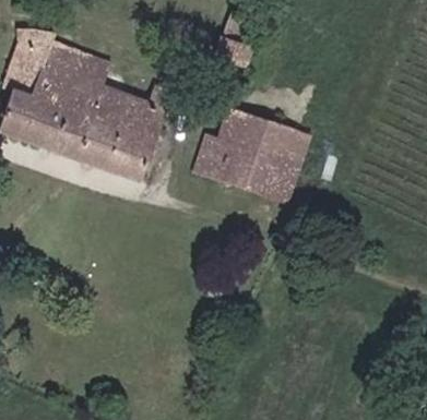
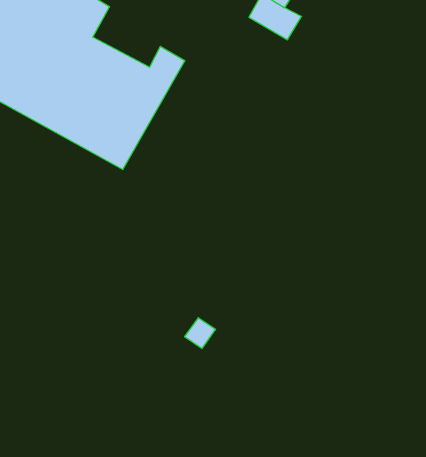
building: [190,108,310,205] -> none

